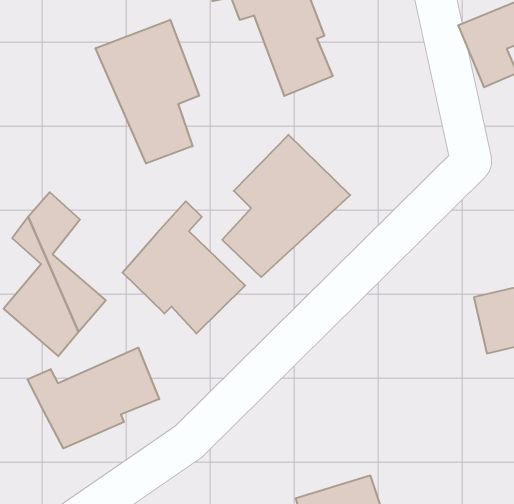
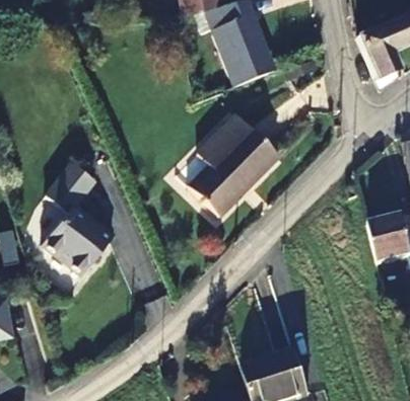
building: [96,20,199,164] -> none
building: [122,201,245,334] -> none
building: [28,348,159,448] -> none

